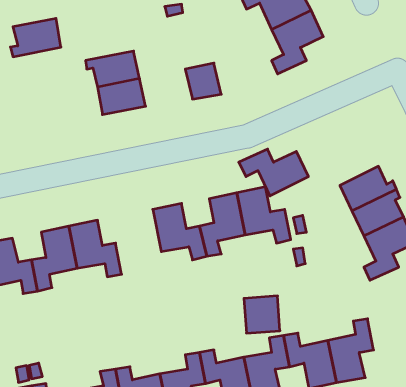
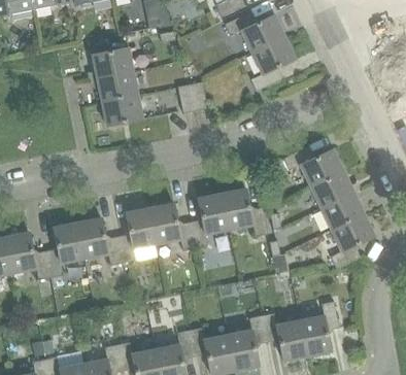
building: [10,18,61,57] -> [90,46,133,79]
building: [239,149,308,196] -> [283,146,343,186]
building: none -> [117,207,157,263]

